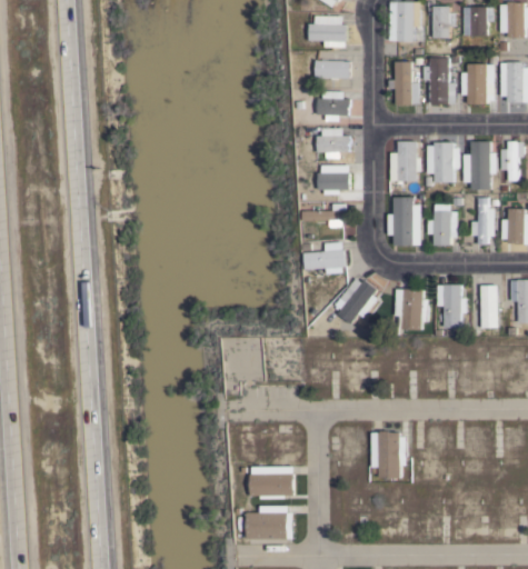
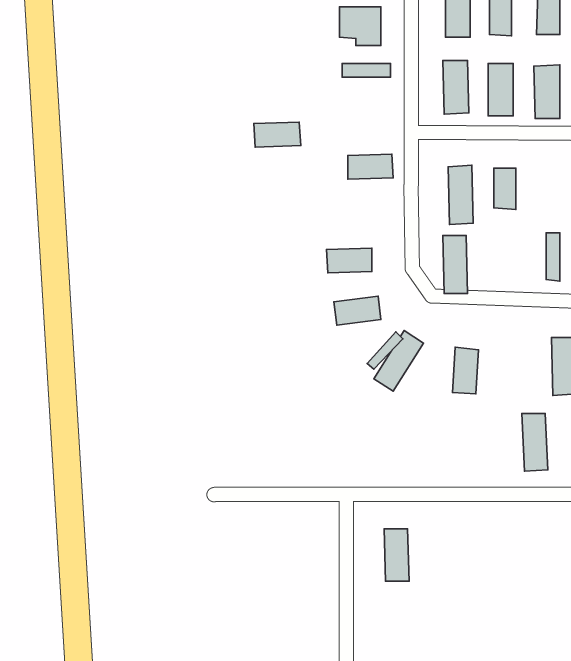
building: [312,96,350,116] -> [254,122,301,147]
building: [469,141,489,188] -> none
building: [311,172,348,192] -> [326,248,372,273]
building: [429,212,447,244] -> none
building: [440,282,461,329] -> [522,413,548,471]
building: [379,433,399,476] -> [384,529,409,581]
building: [251,473,295,493] -> none
building: [247,515,289,535] -> none

